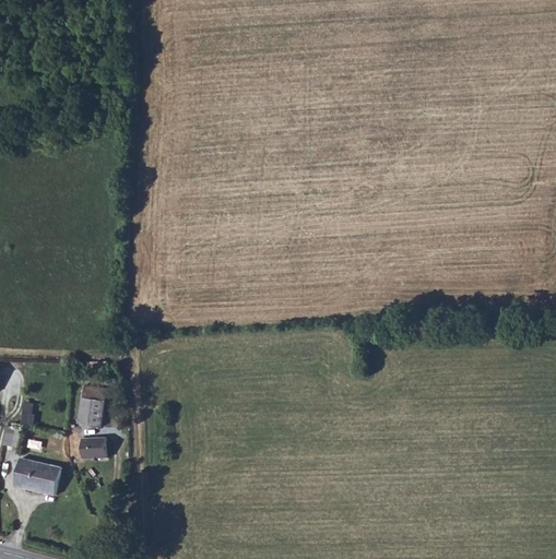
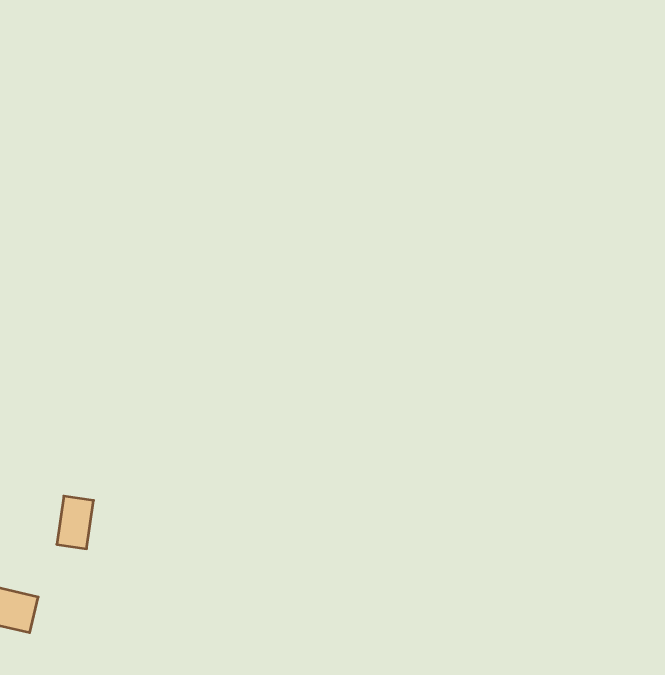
building: [81,438,107,460] -> none

